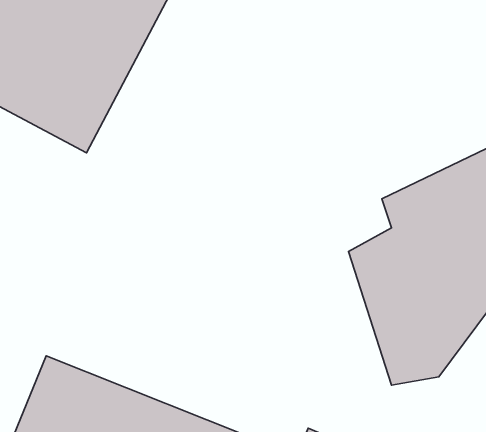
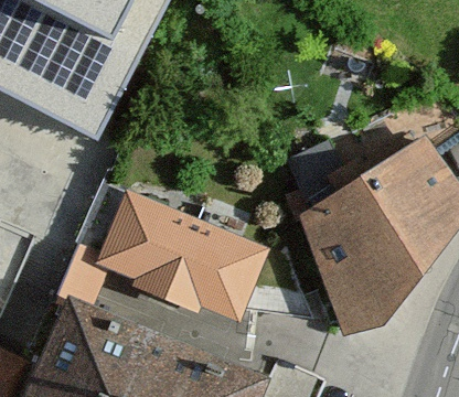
building: none -> [102,193,259,311]

